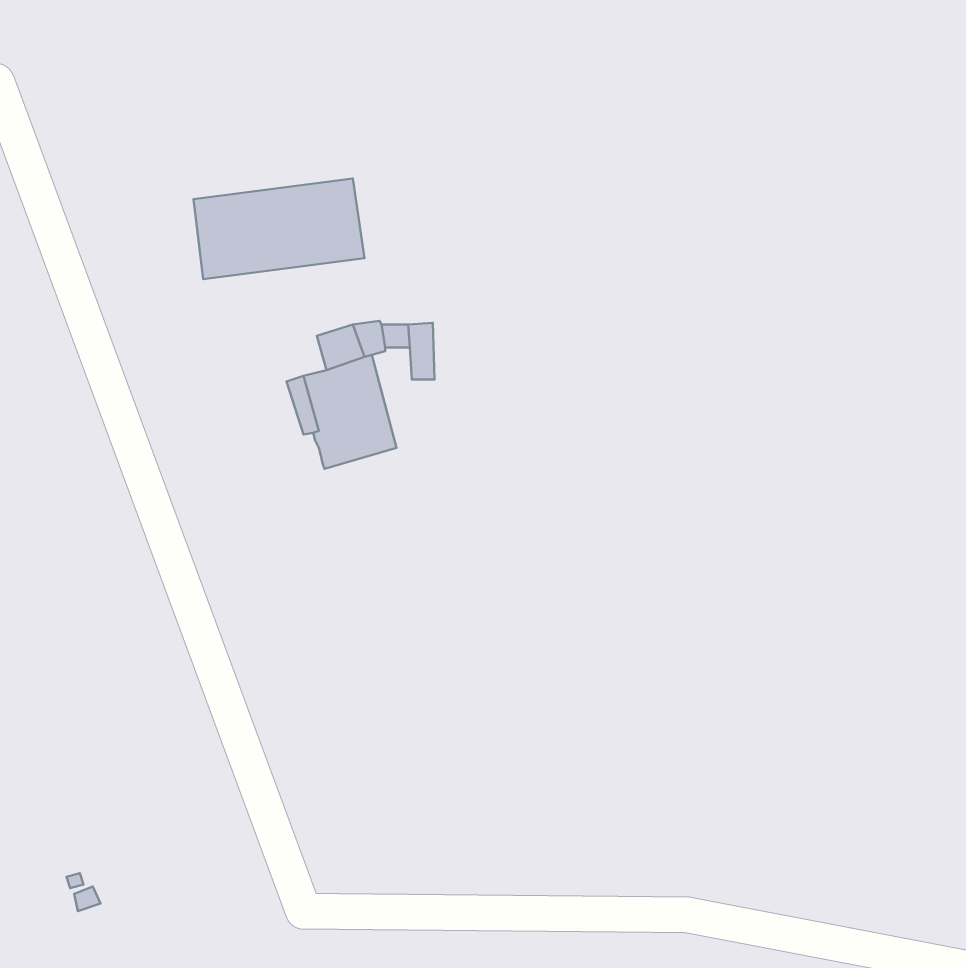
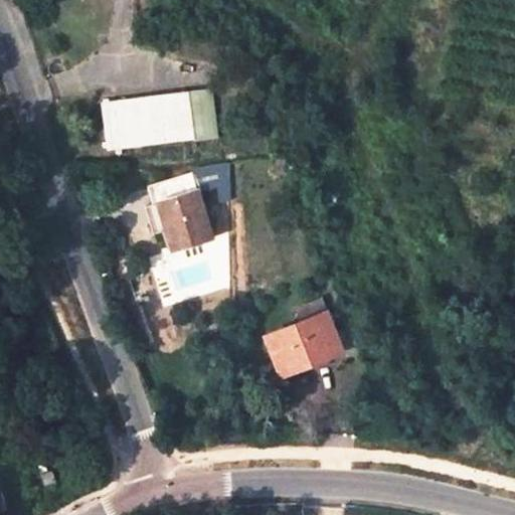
building: none -> [187,93,216,138]
building: none -> [265,312,341,374]

